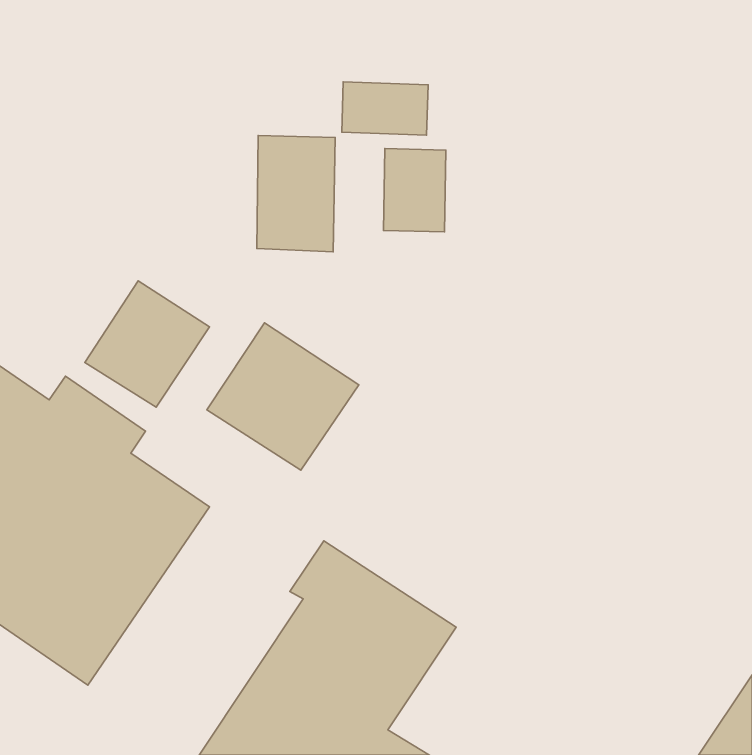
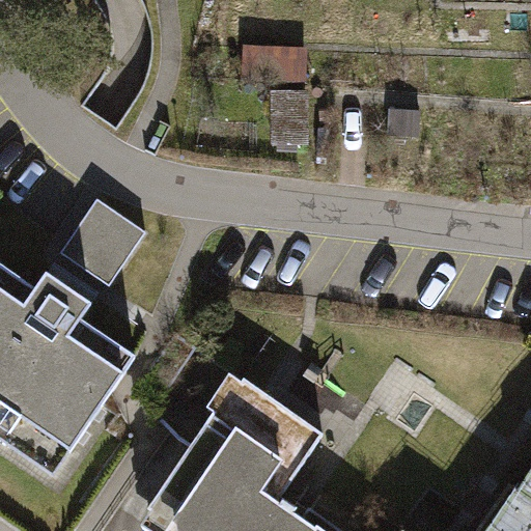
building: [257,135,335,252] -> none
building: [207,323,359,470] -> none

